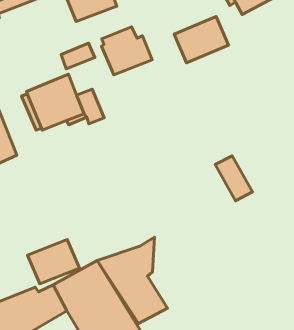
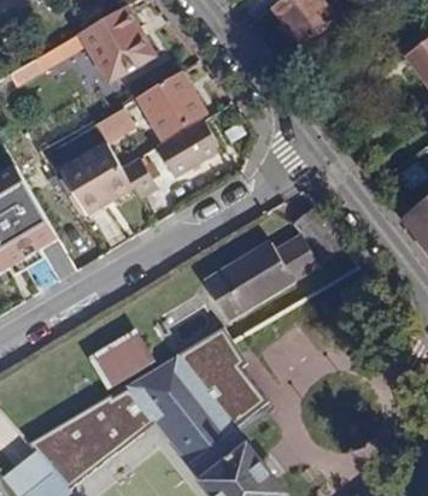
building: [174,17,228,63] -> [156,119,221,178]
building: none -> [206,236,319,332]

